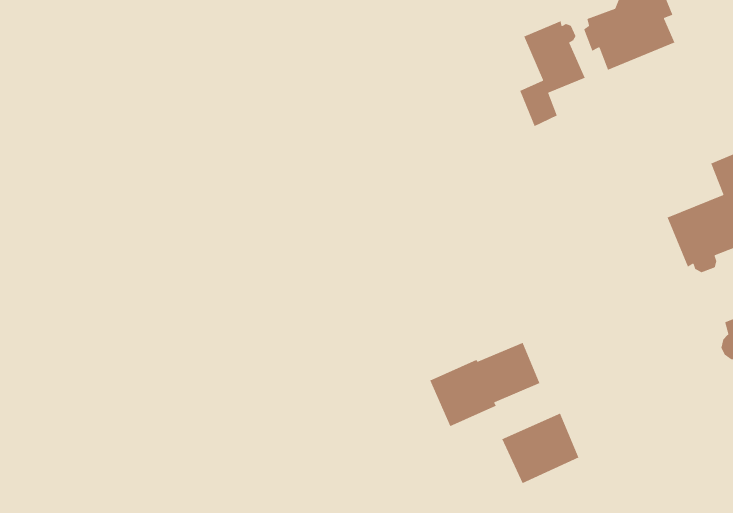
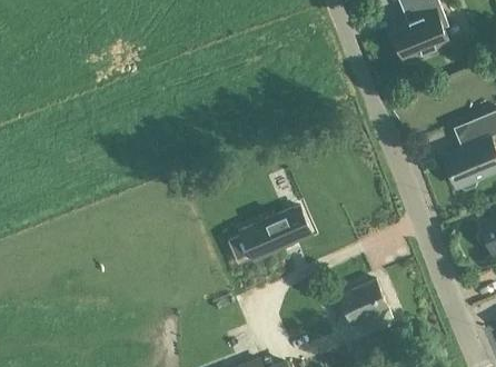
building: [519,20,586,127] -> none
building: [429,342,540,427] -> [239,207,310,261]

